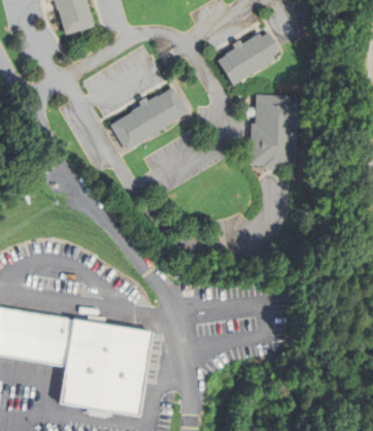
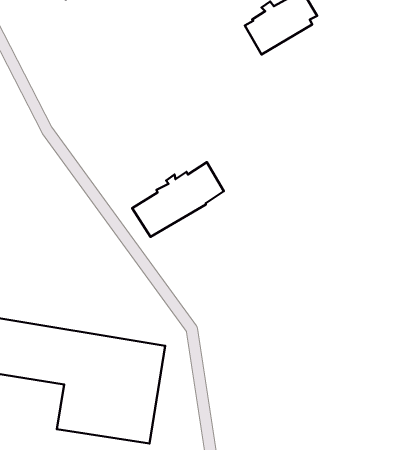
building: [110,85,189,148] -> [132,162,224,237]
building: [250,94,298,167] -> none

